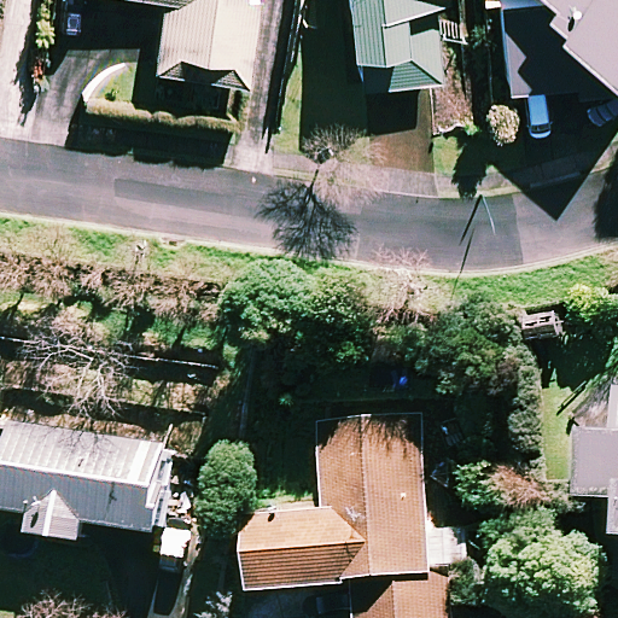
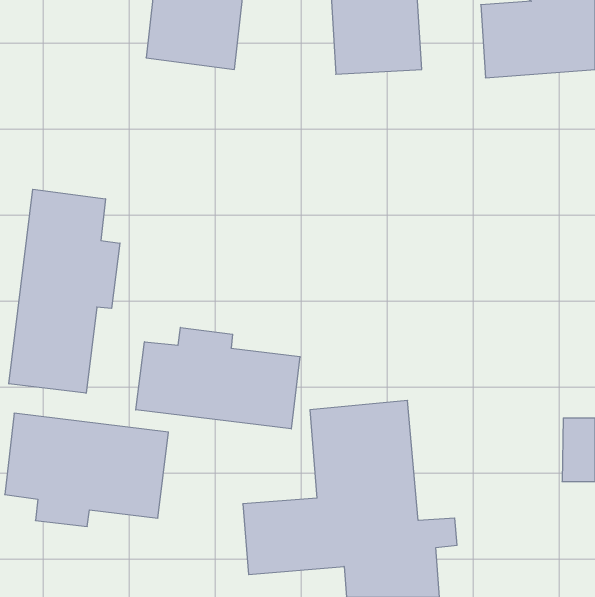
building: none -> [9,189,120,393]
building: none -> [136,327,300,429]

